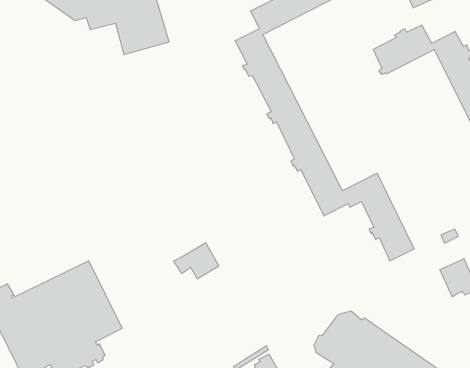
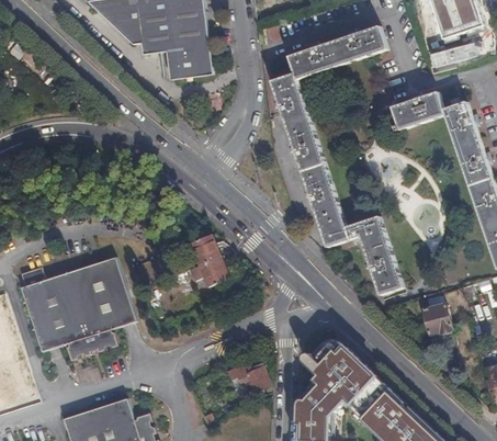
building: none -> [189,234,218,264]

